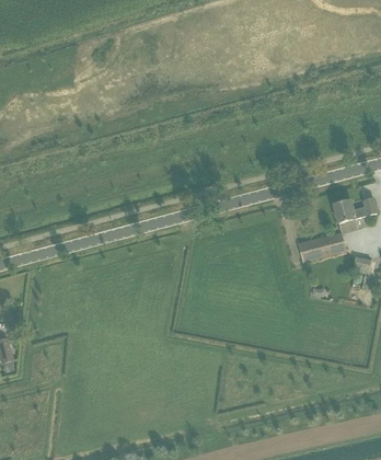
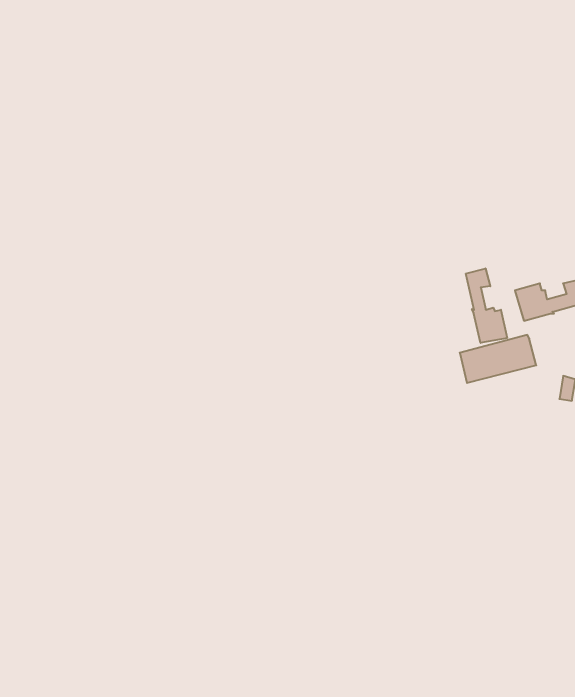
building: none -> [466,268,507,343]

